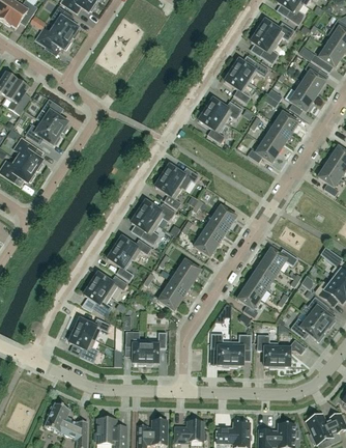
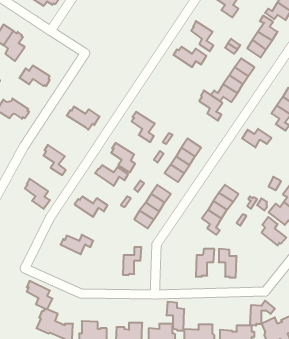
building: [230,59,268,81] -> none
building: [36,99,68,133] -> none
building: [199,108,226,143] -> [199,90,222,121]
building: [13,137,44,171] -> none
building: [161,164,199,190] -> none
building: [137,200,175,227] -> [67,107,100,130]
building: [108,246,134,281] -> [43,145,66,175]
building: [264,248,298,270] -> [242,129,271,148]
building: [84,282,113,317] -> [25,179,50,209]
building: [290,315,325,341] -> none
building: [69,329,99,362] -> [27,281,53,309]
building: [125,331,146,364] -> none
building: [210,333,231,366] -> [166,302,184,330]
building: [277,339,306,368] -> [250,301,275,325]

